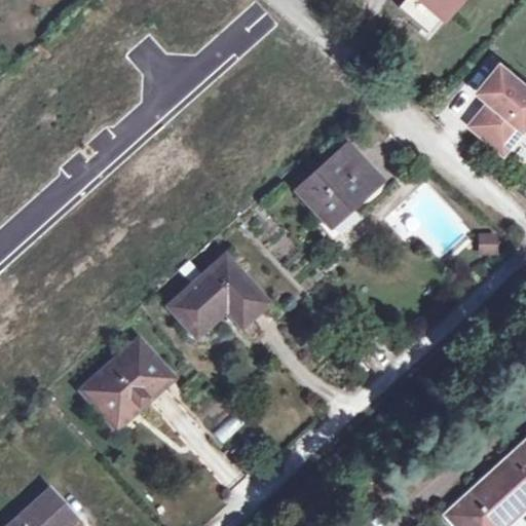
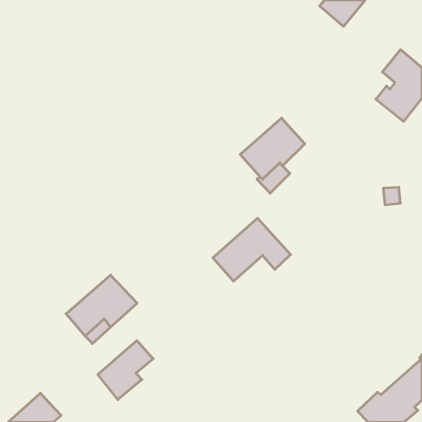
building: [168,258,265,336] -> [213,218,291,281]
building: none -> [98,341,153,400]

